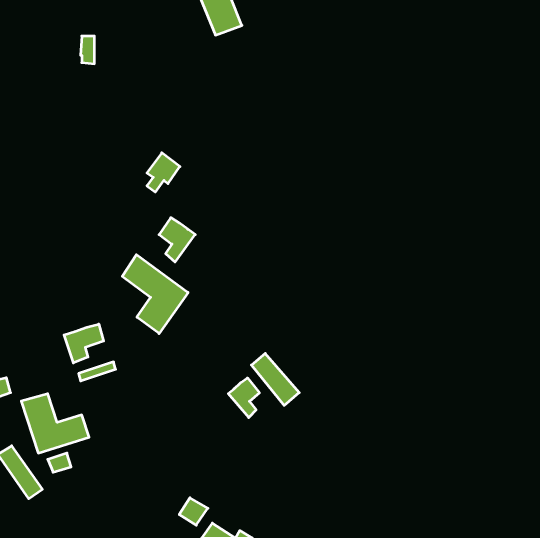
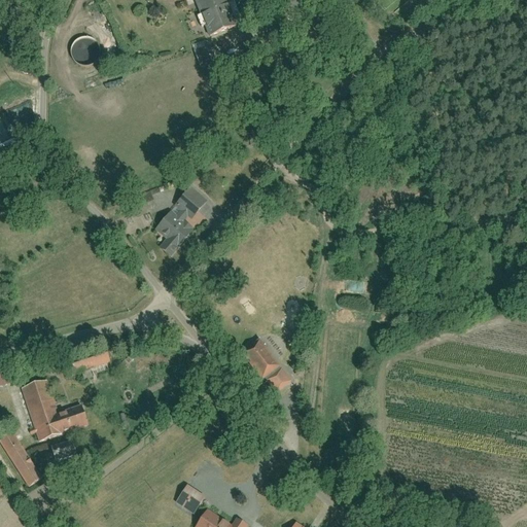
building: [147,153,180,192] -> [174,184,206,222]
building: [122,255,188,334] -> none
building: [64,324,104,363] -> none
building: [228,378,259,418] -> none

